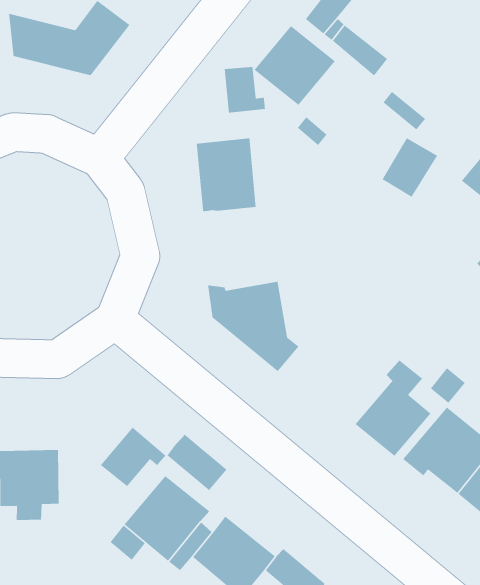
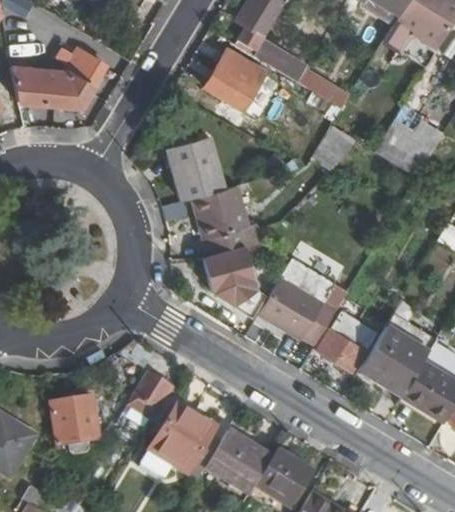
building: [224,66,266,114] -> none
building: none -> [191,186,271,258]
building: none -> [258,258,347,342]
building: [166,434,228,491] -> none

